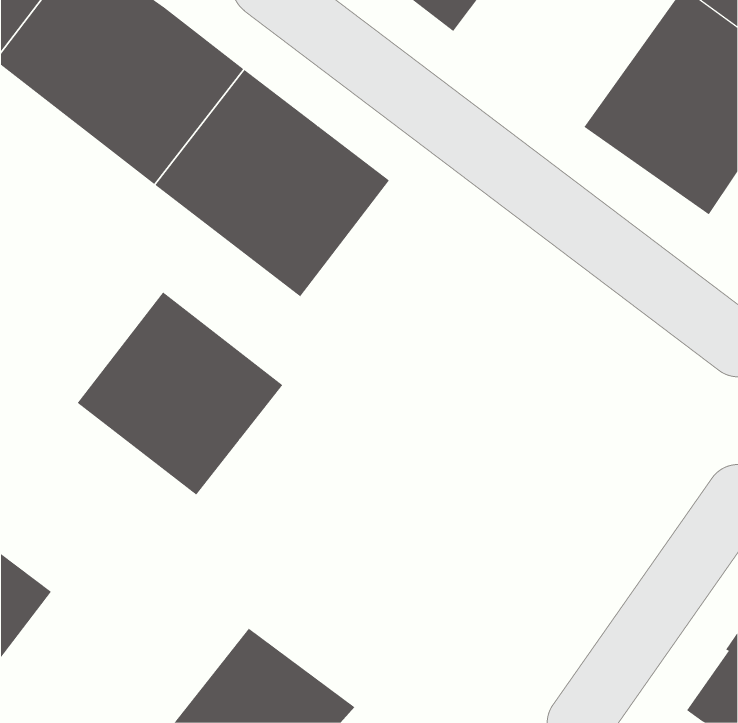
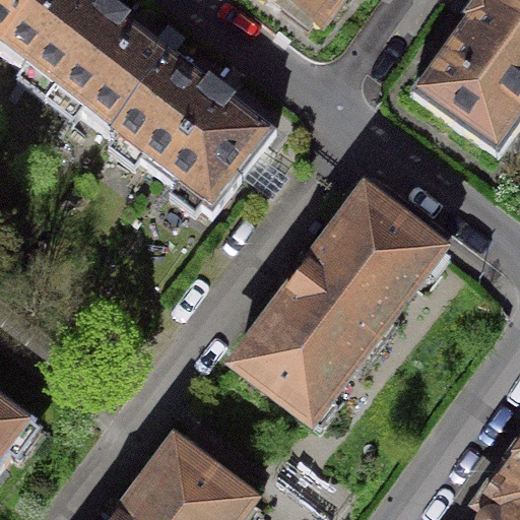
building: none -> [235,191,440,419]
building: [77,292,283,495] -> none

